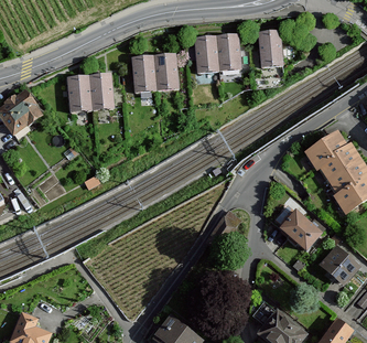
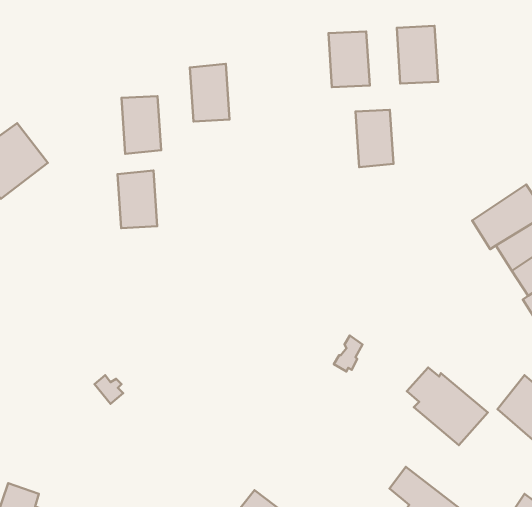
building: [194,35,217,71] -> [356,110,393,167]
building: [152,53,176,88] -> none
building: [66,75,90,110] -> [118,170,157,228]
building: [273,204,323,251] -> [407,368,488,445]

